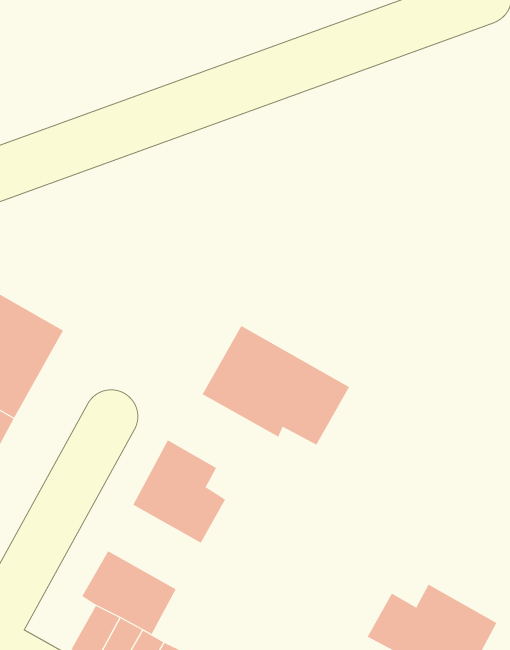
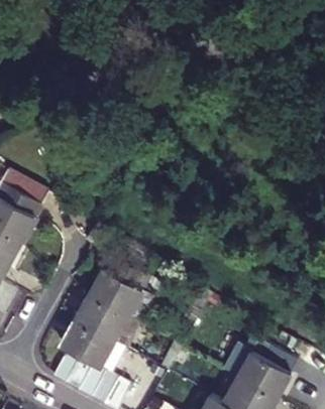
building: [202,325,350,446] -> none
building: none -> [76,292,129,340]

